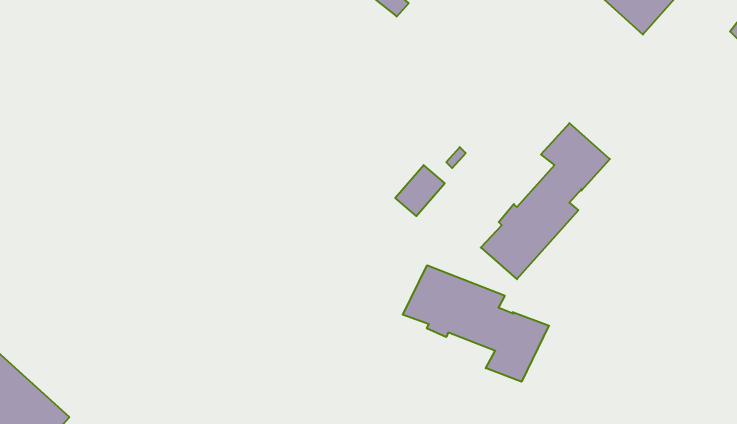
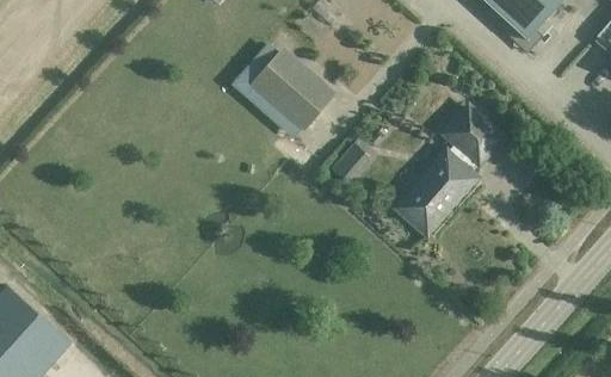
building: none -> [252,48,337,130]
building: [403,265,549,382] -> none

